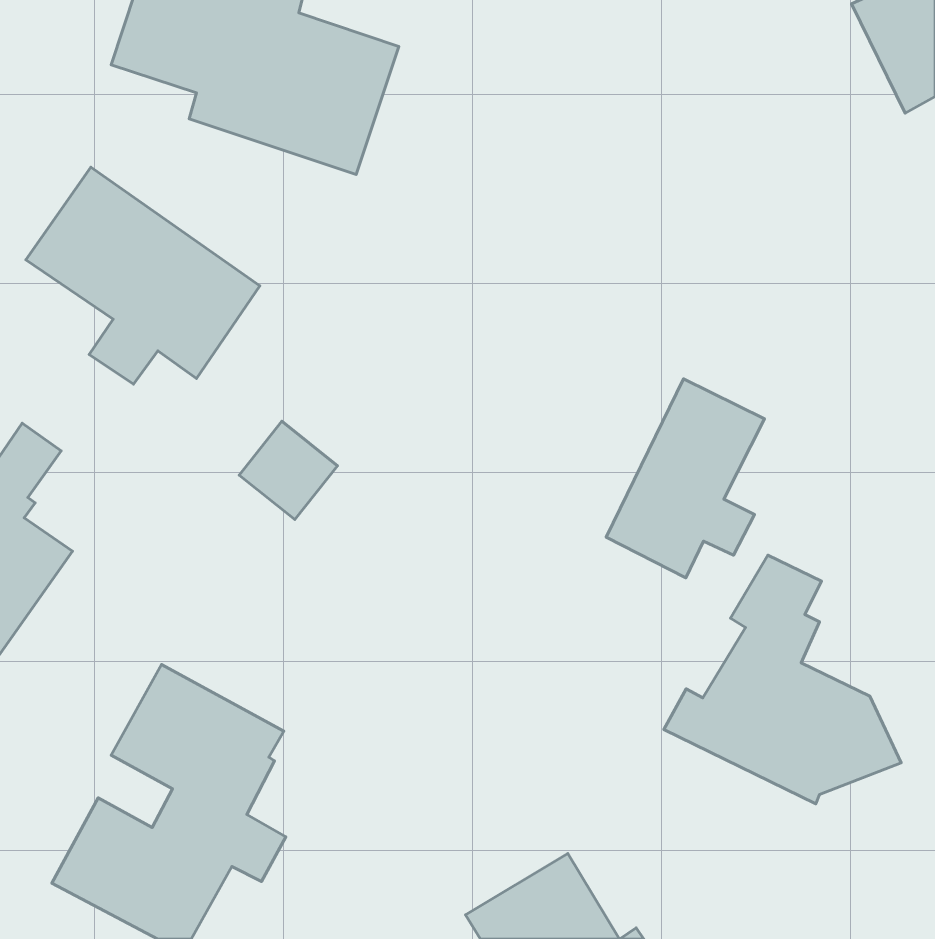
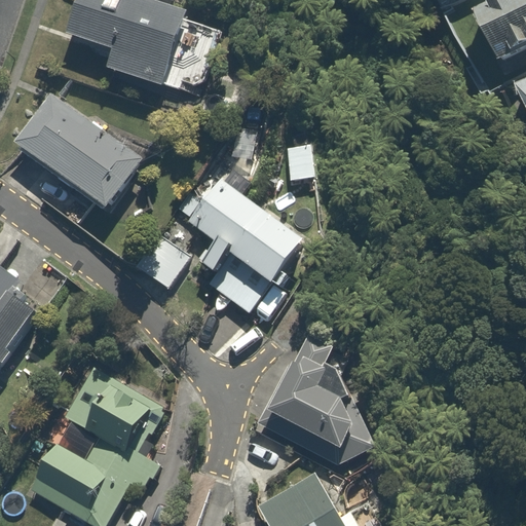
building: none -> [187,177,309,312]
building: [606,379,765,578] -> none
building: [664,555,901,804] -> [249,332,380,469]

